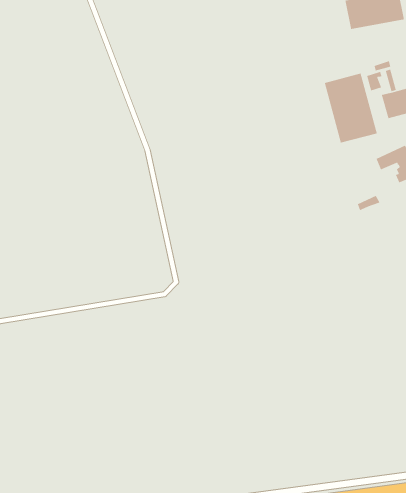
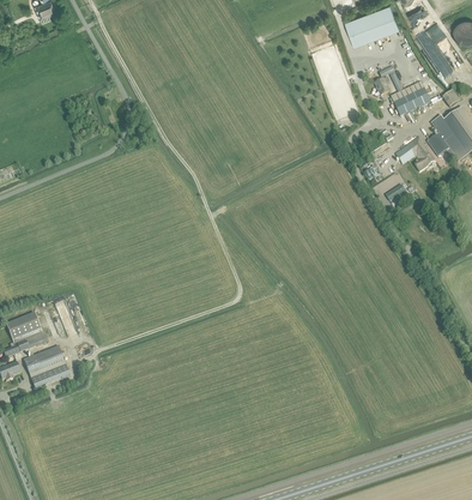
building: [324,73,378,144] -> none

